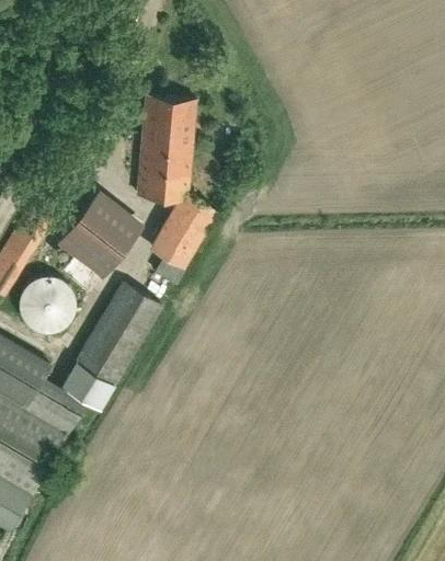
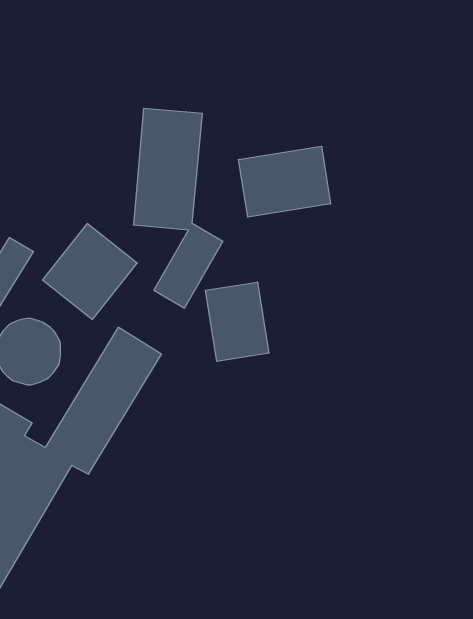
building: none -> [239,146,331,217]
building: none -> [206,282,269,361]

